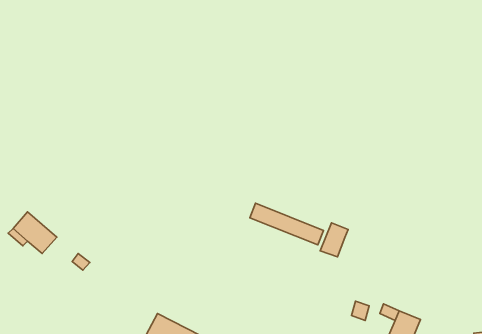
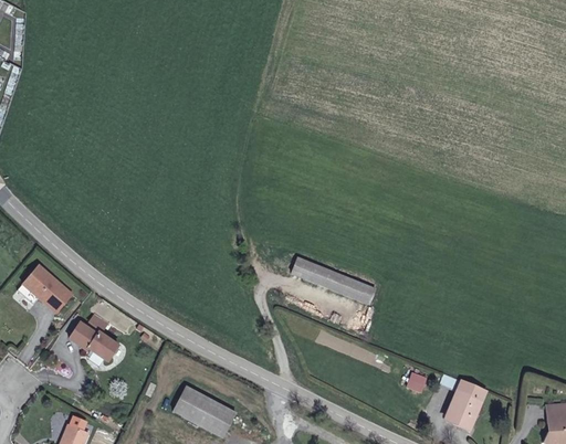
building: [320,223,348,257] -> none
building: none -> [70,324,118,363]

